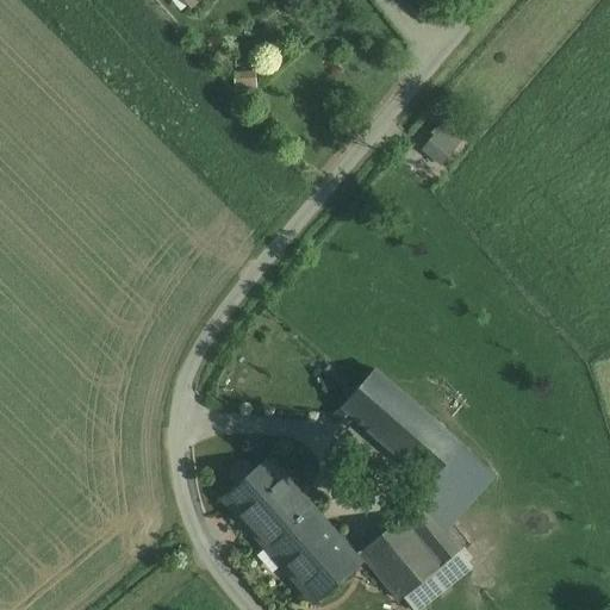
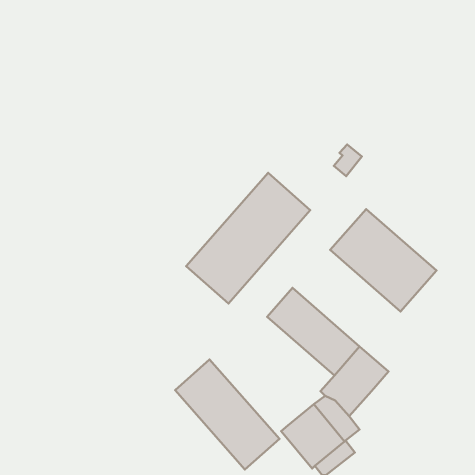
building: [424,122,460,162] -> [334,144,362,176]
building: none -> [186,173,310,304]
building: none -> [330,209,436,311]

